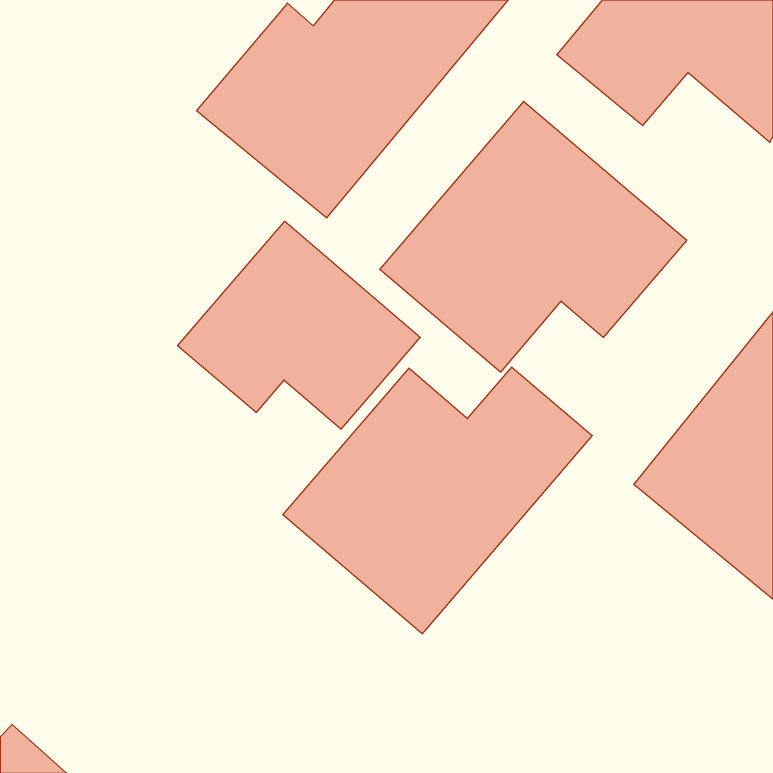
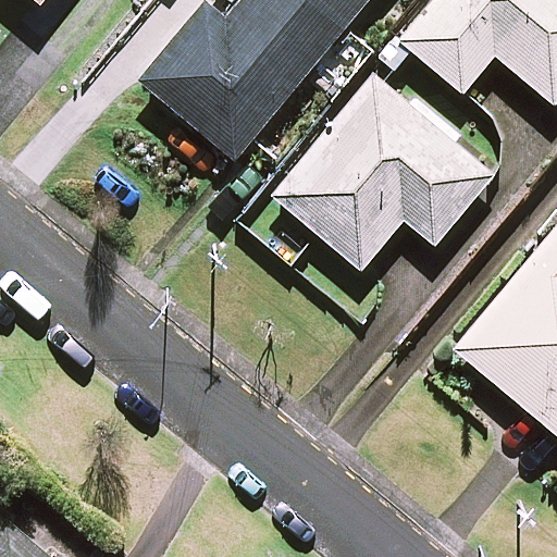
building: [178,221,420,429] -> none
building: [283,367,592,634] -> none

